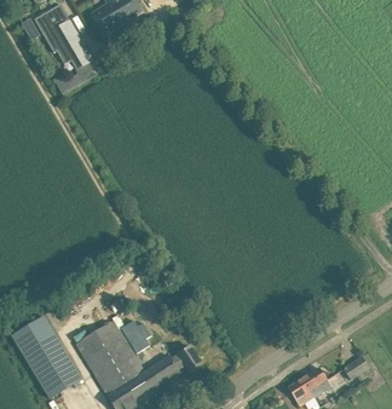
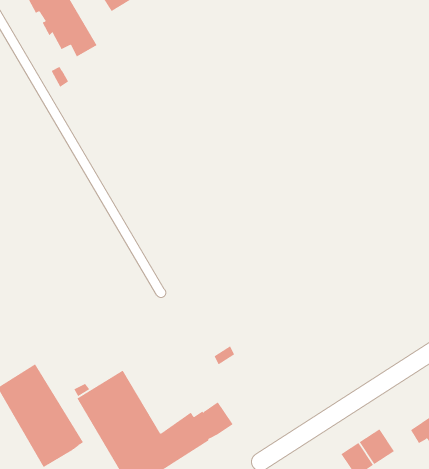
building: [120,319,150,352] -> none

